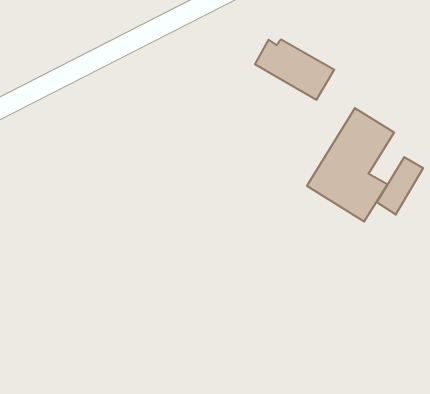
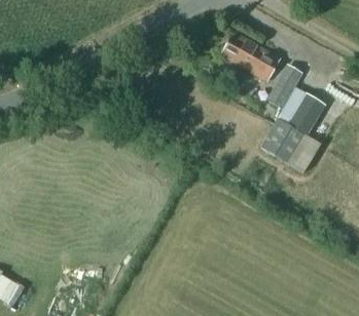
building: [377,157,423,215] -> [266,66,301,109]

